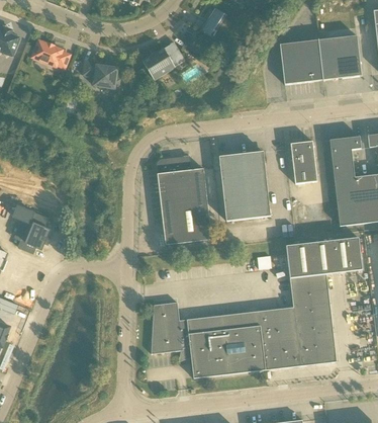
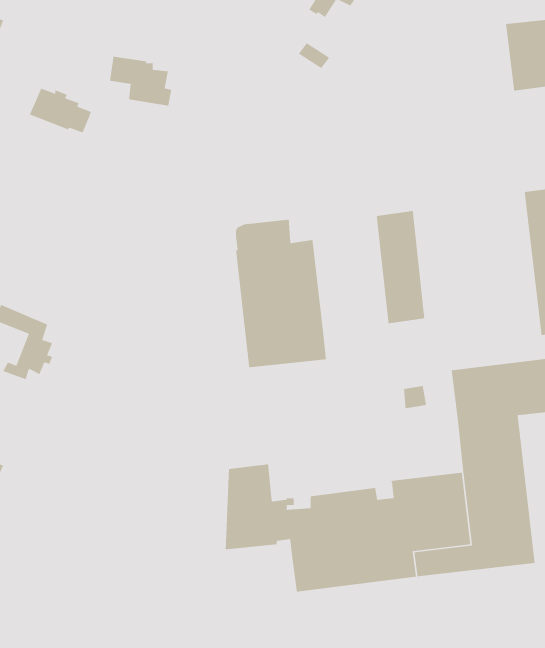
building: [279,39,322,84] -> none
building: [31,40,69,68] -> [29,88,92,133]
building: [141,48,184,79] -> none
building: [290,141,316,184] -> none
building: [218,154,248,221] -> none

